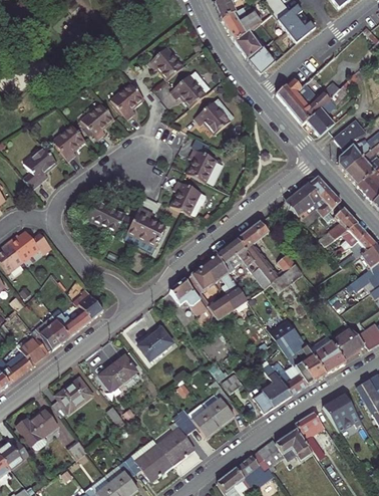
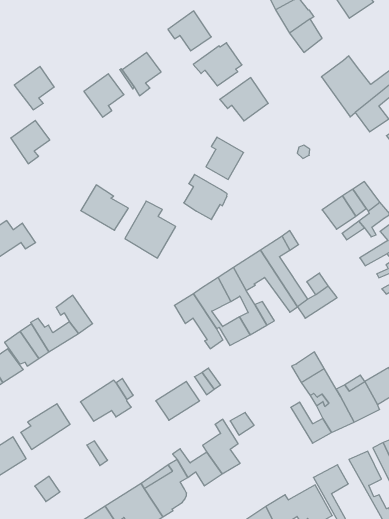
building: [52,125,85,161] -> [14,66,54,110]
building: [137,327,173,360] -> [156,381,200,420]
building: [254,362,292,413] -> none

